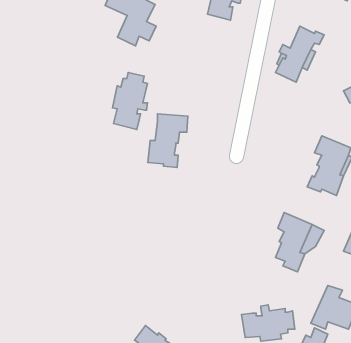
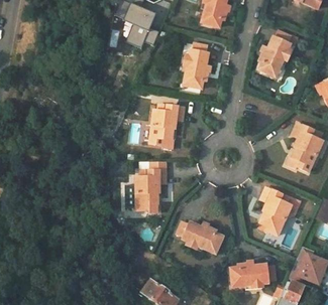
building: [112,72,148,130] -> [181,42,210,90]
building: none -> [136,170,169,215]
building: none -> [178,218,223,250]

